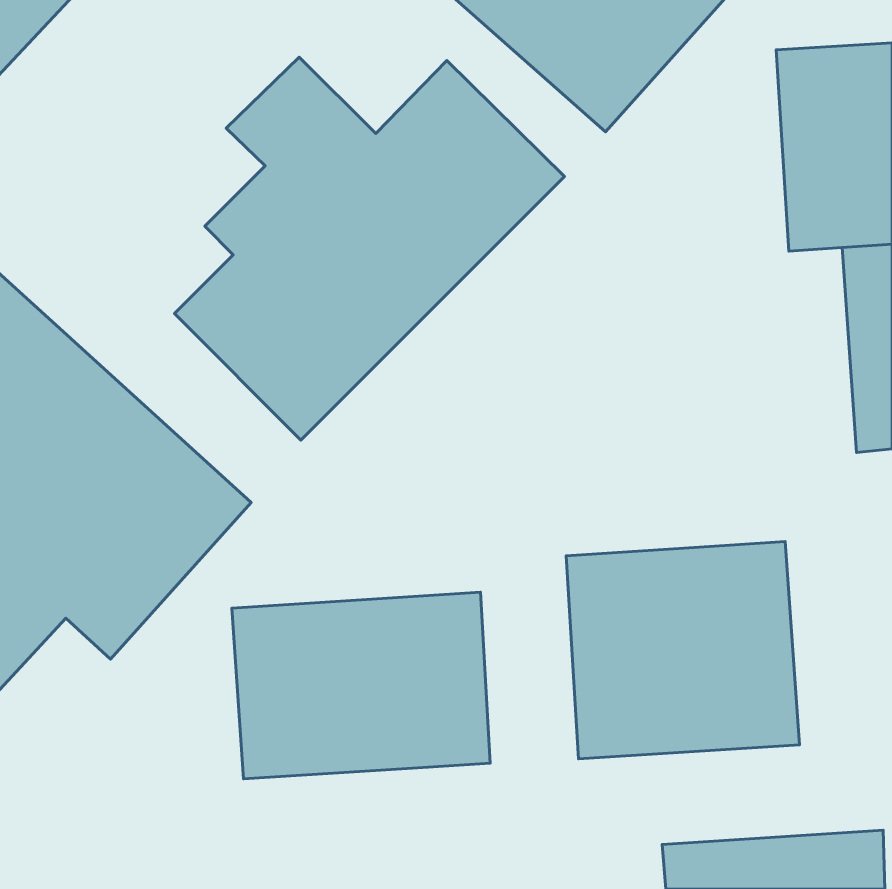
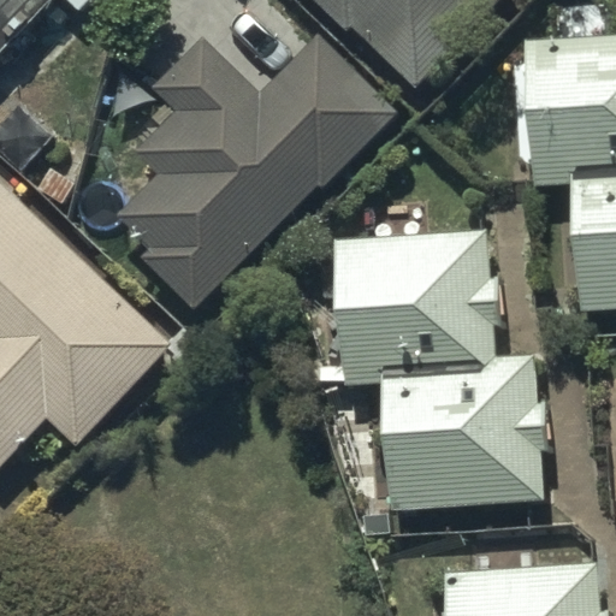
building: none -> [338,232,493,377]
building: [232,592,490,779] -> none

